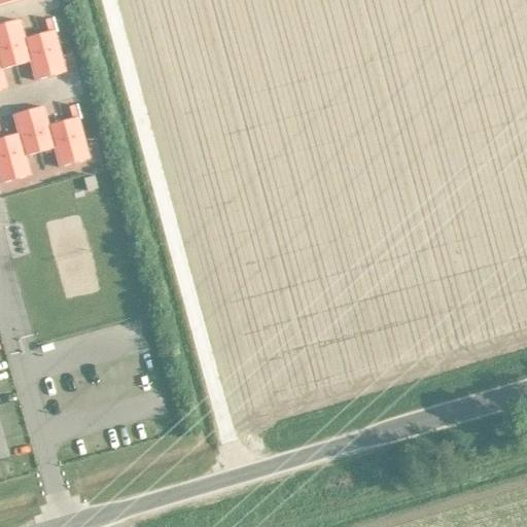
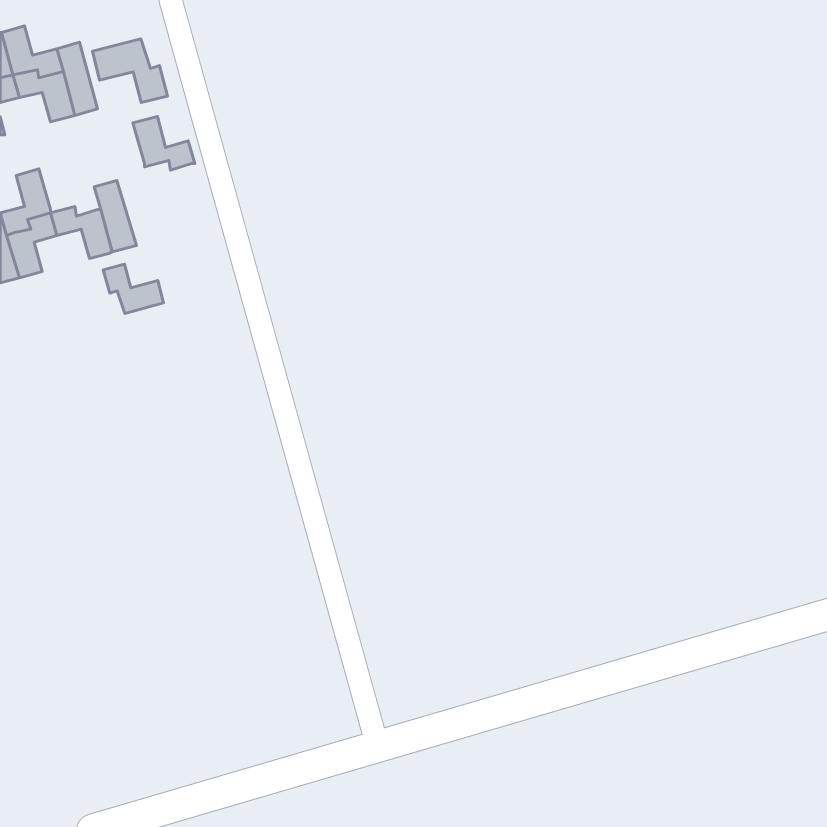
building: none -> [93,39,168,103]
building: [27,105,66,139] -> [133,116,195,170]
building: none -> [103,264,164,313]

